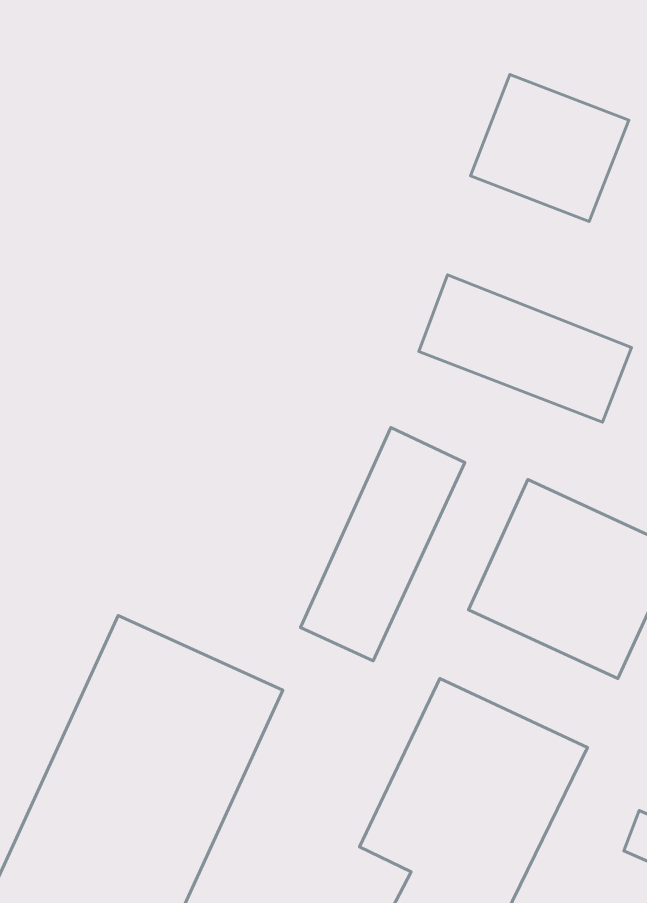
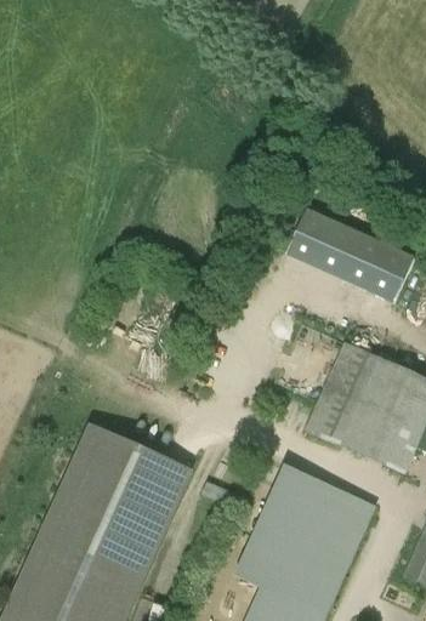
building: [470,74,629,221] -> none
building: [301,427,465,661] -> none

